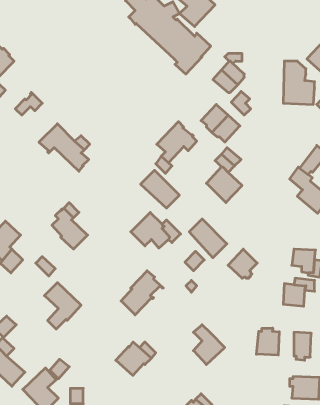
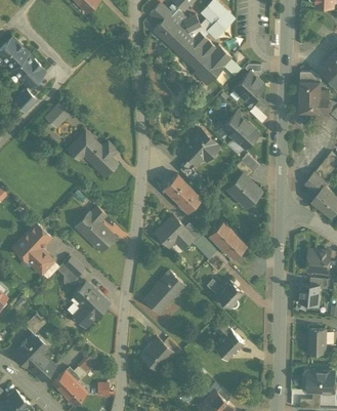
building: [228,249,257,278] -> [215,281,243,309]
building: [256,328,279,355] -> none

